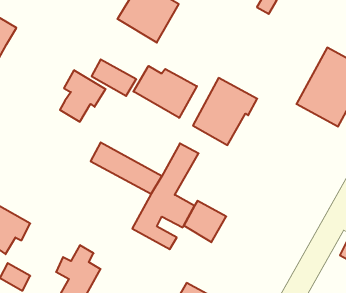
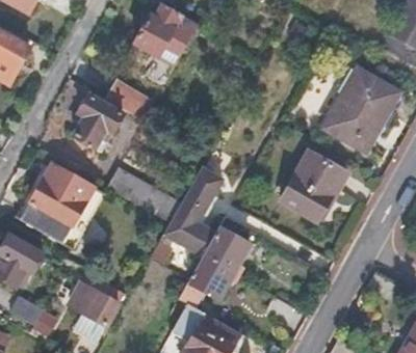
building: [133,66,197,118] -> none
building: [193,78,257,145] -> [281,151,348,221]
building: none -> [16,163,102,245]
building: none -> [179,254,233,306]

